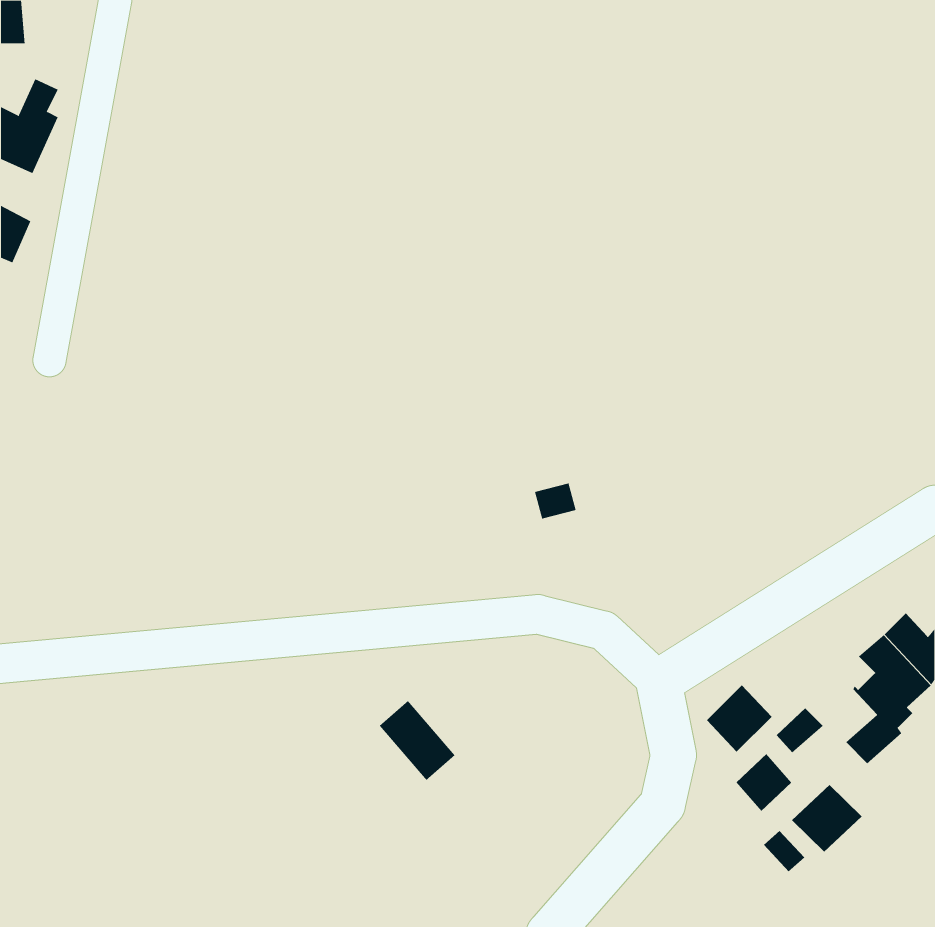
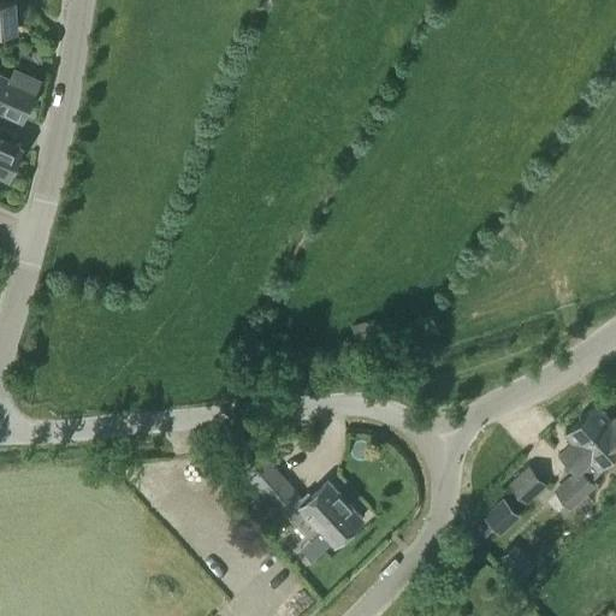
building: [706,684,772,752] -> none
building: none -> [289,484,362,547]
building: [791,784,863,853] -> none

